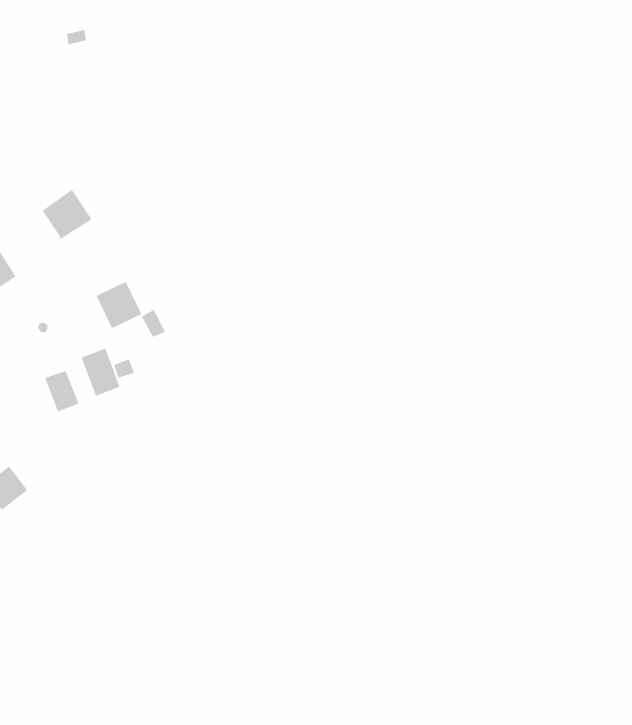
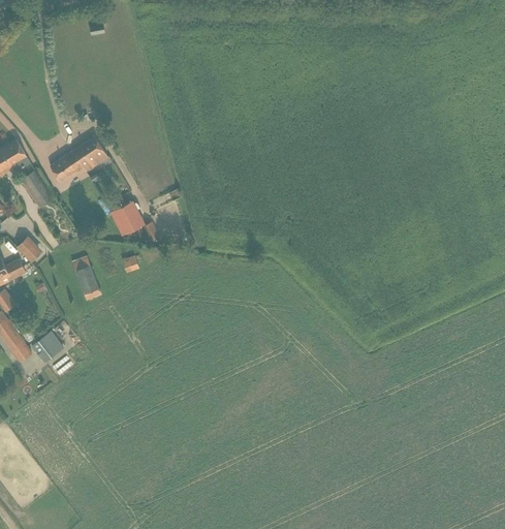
building: none -> [50,153,84,183]
building: [81,347,121,397] -> none

